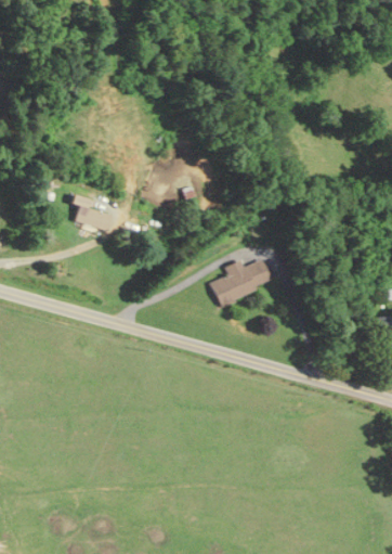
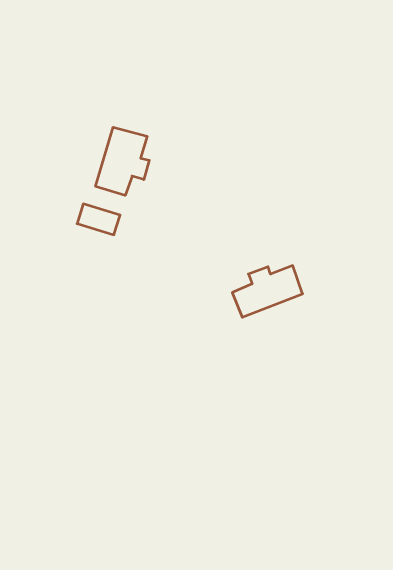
building: none -> [96,127,149,195]

